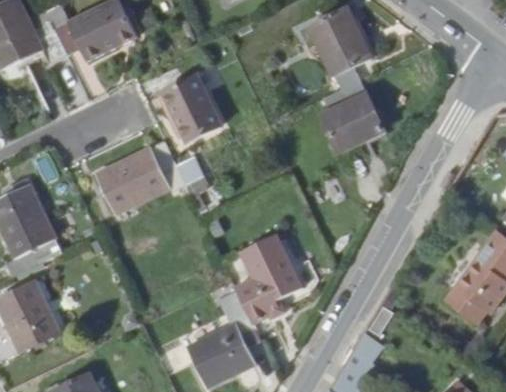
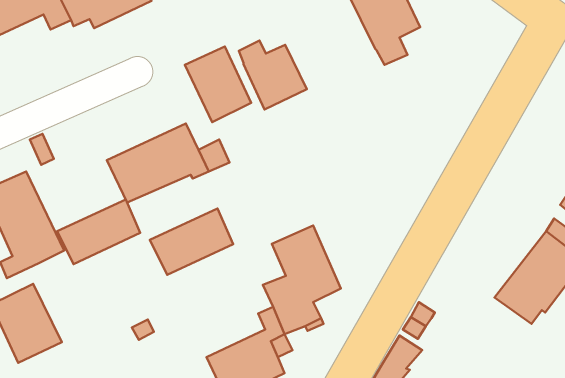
building: none -> [239,41,307,109]
building: [323,84,386,156] -> none
building: none -> [57,200,140,264]
building: none -> [150,209,233,275]

